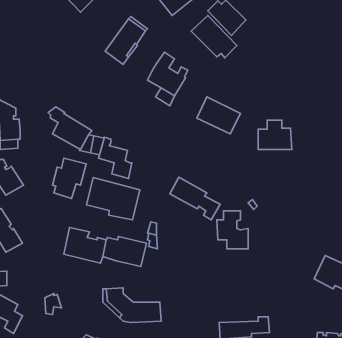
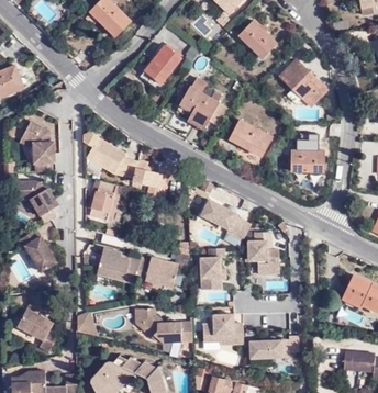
building: [191,16,237,58] -> [278,60,323,102]
building: [86,177,140,220] -> none
building: none -> [200,248,224,289]
building: none -> [202,313,243,344]

